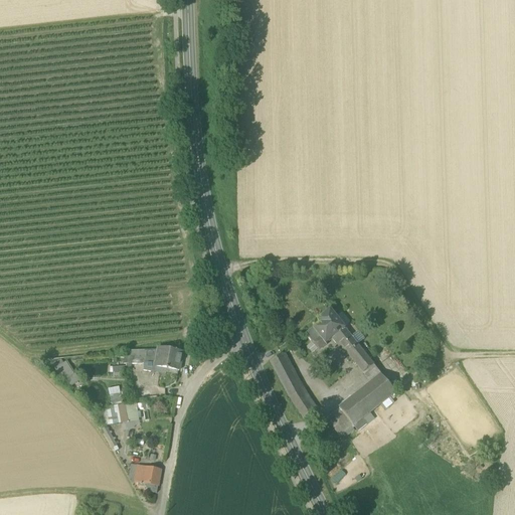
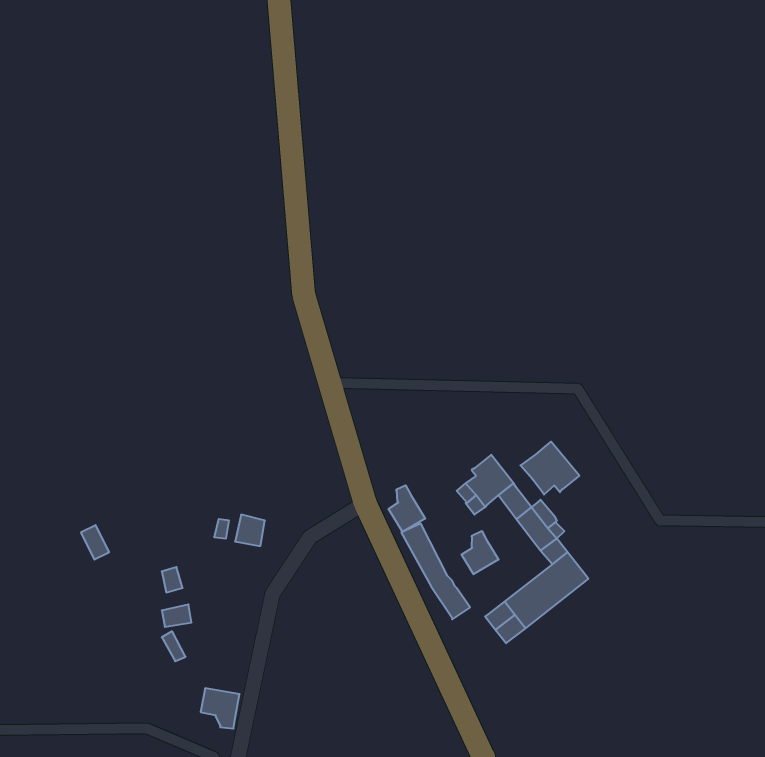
building: none -> [520,442,579,495]
building: none -> [389,485,425,532]
building: none -> [462,531,499,574]

